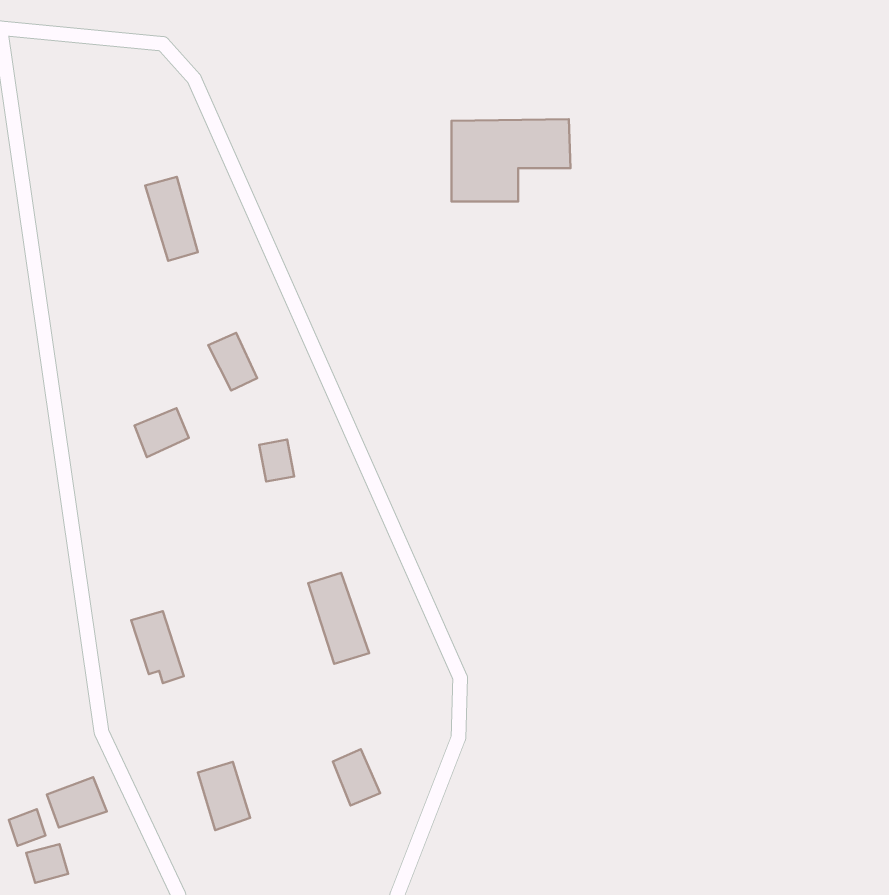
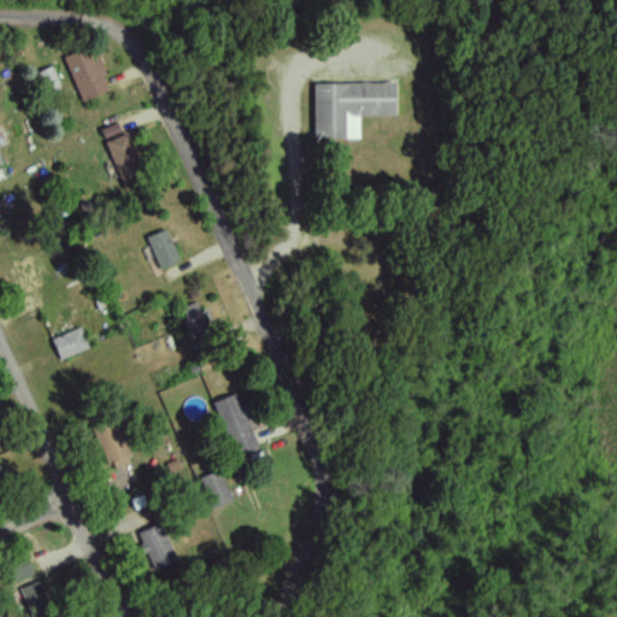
building: none -> [64,47,112,102]
building: [135,408,189,457] -> [53,327,90,360]
building: [333,749,380,805] -> [200,470,233,509]
building: [47,777,107,827] -> none

